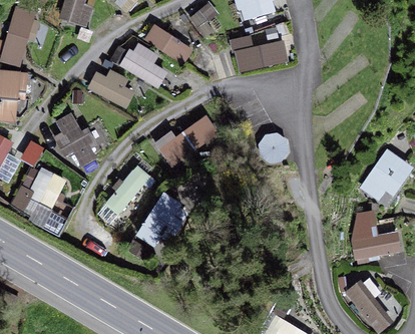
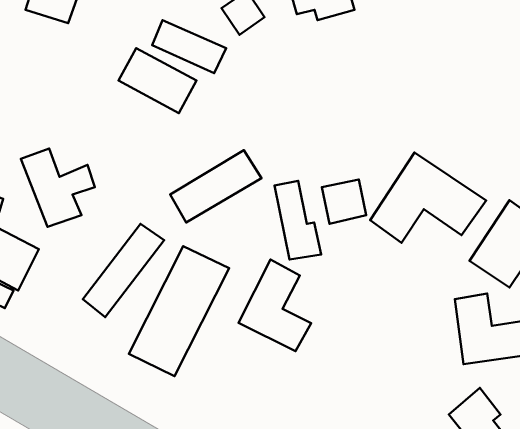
building: [232,36,288,70] -> none
building: [87,67,138,109] -> none
building: none -> [370,153,486,243]
building: none -> [275,181,321,260]
building: none -> [238,259,311,351]

